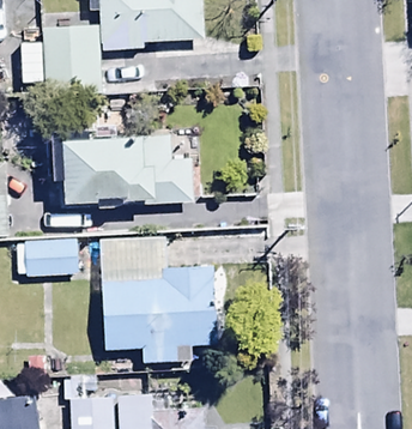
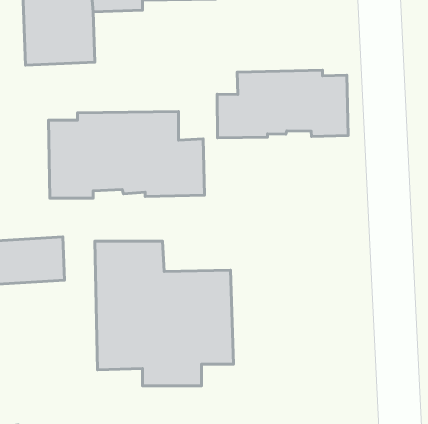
building: none -> [217,70,348,138]

